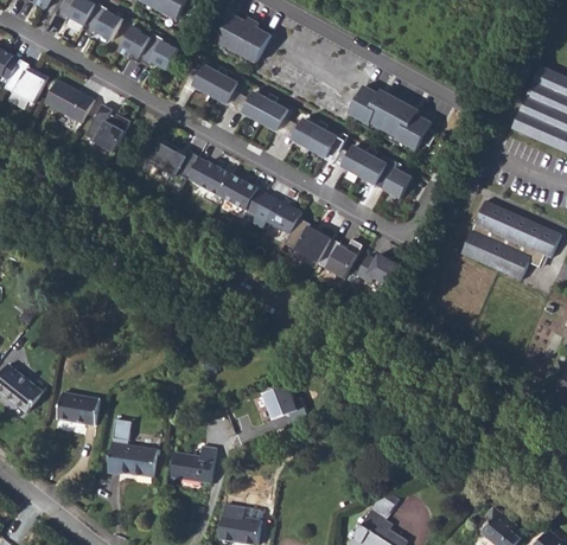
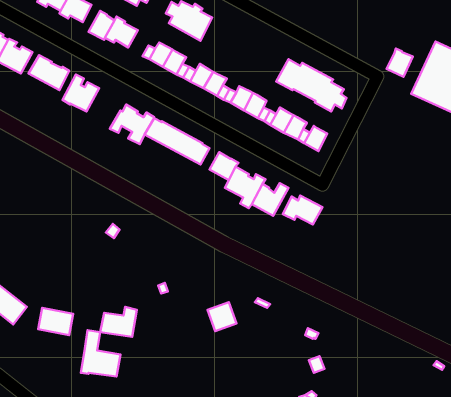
building: none -> [386,49,413,77]
building: [457,199,558,280] -> none
building: [171,443,216,480] -> [100,307,137,337]

